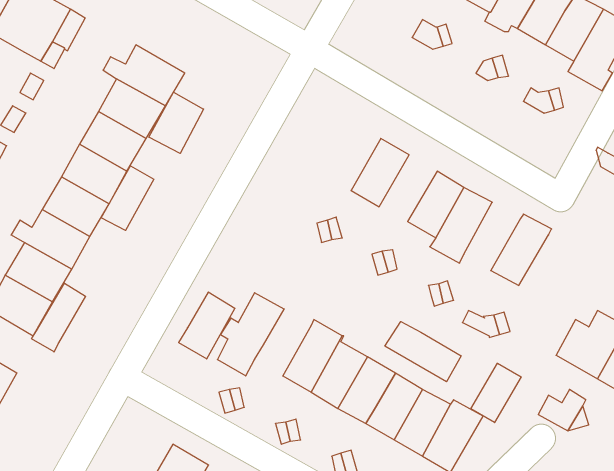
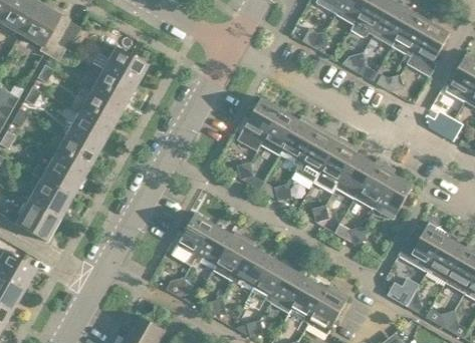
building: [149,92,204,153] -> none
building: none -> [235,97,280,149]
building: none -> [279,119,318,164]
building: [101,166,154,230] -> none
building: none -> [336,151,375,198]
building: none -> [374,174,413,219]
building: [32,283,86,352] -> none
building: [179,292,235,359] -> [195,224,233,269]
building: [385,322,461,382] -> none
building: [471,363,521,423] -> none

